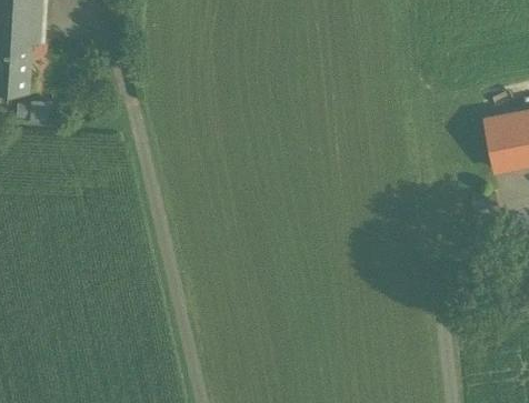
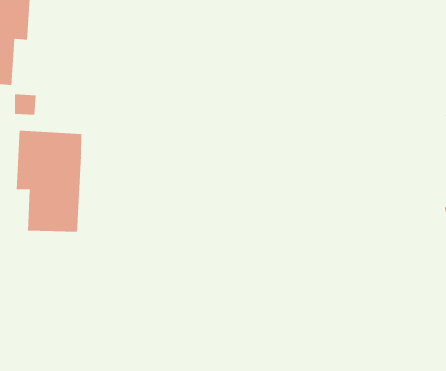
building: none -> [16,130,82,233]

